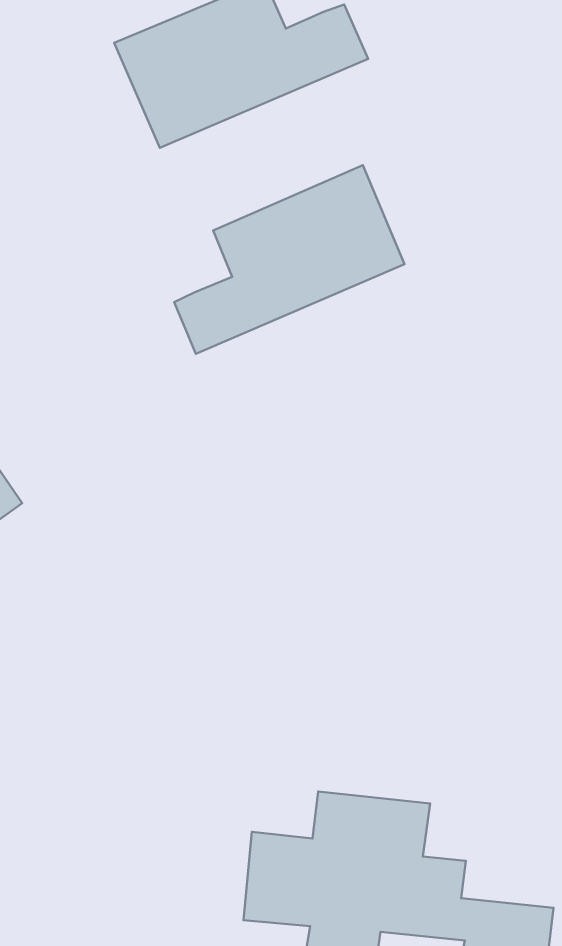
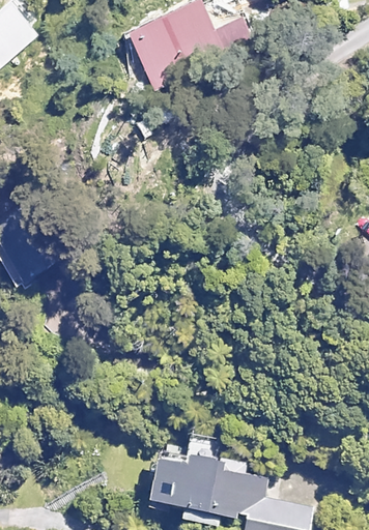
building: [174,165,405,354] -> none

